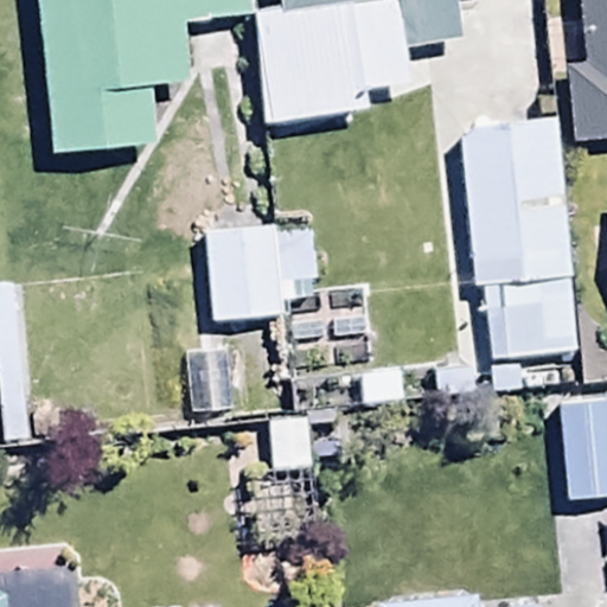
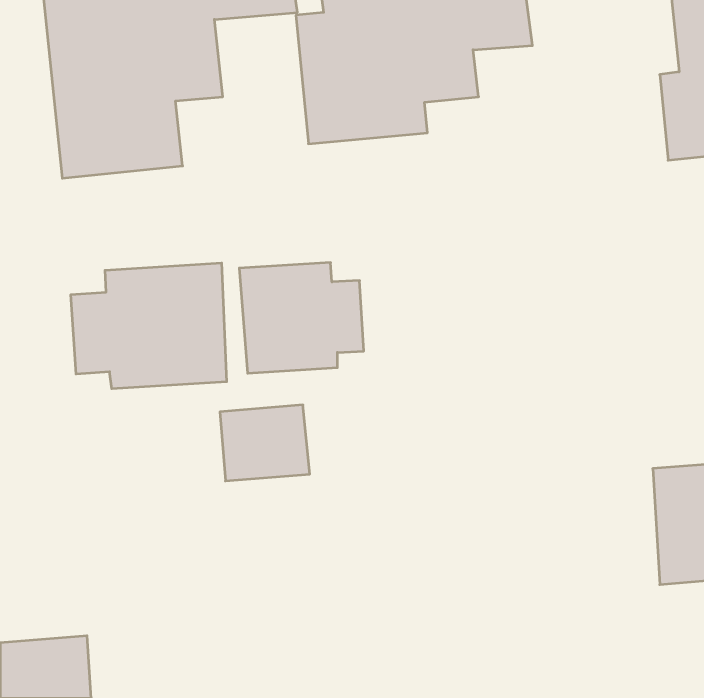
building: [464,117,574,359] -> none
building: none -> [71,263,227,389]

